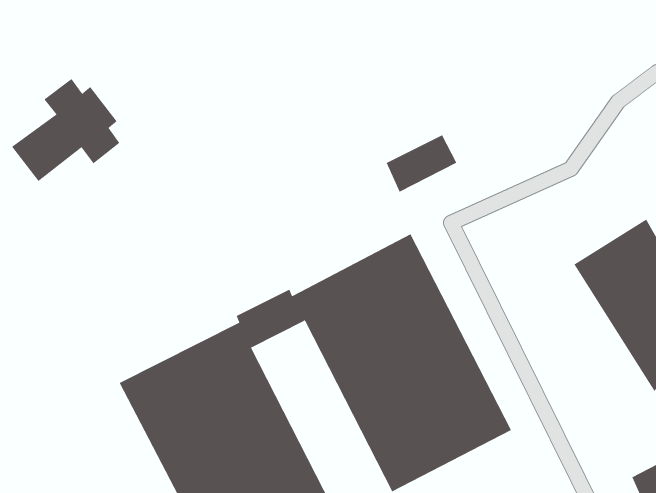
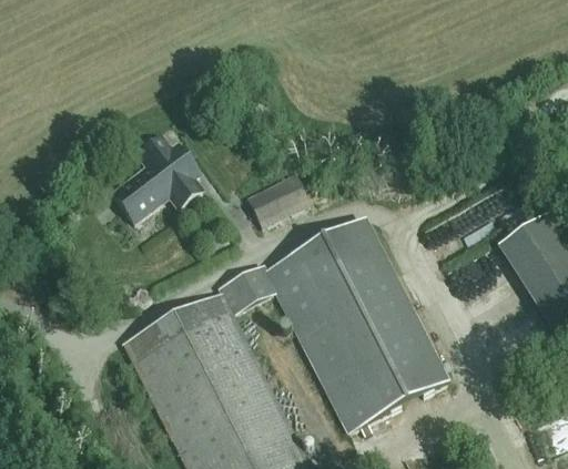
building: [11,78,120,182] -> [111,135,201,221]
building: [386,135,457,193] -> [250,177,308,225]

